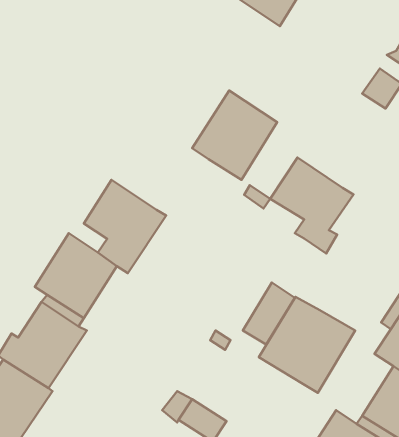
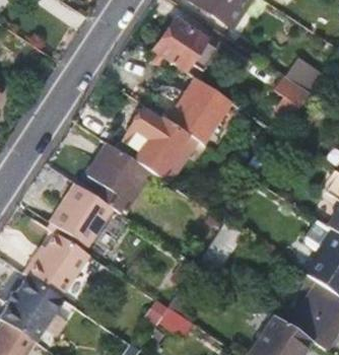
building: none -> [152,19,215,71]
building: none -> [276,76,311,119]
building: [270,158,354,254] -> [123,111,185,182]
building: [259,297,355,393] -> none

